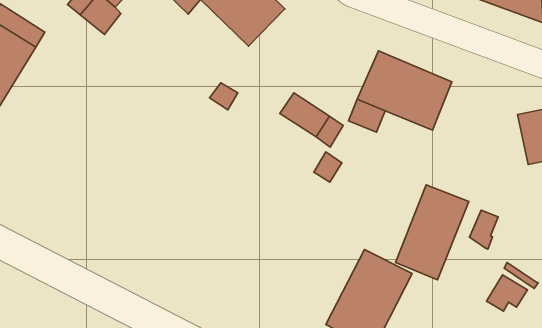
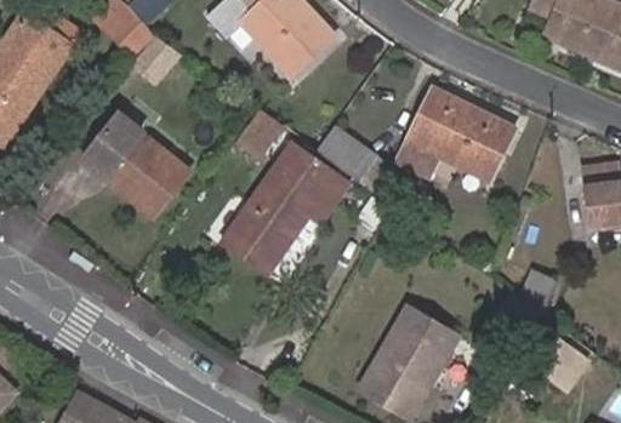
building: none -> [82,113,188,215]
building: none -> [223,145,346,271]
building: [396,185,469,280] -> none

